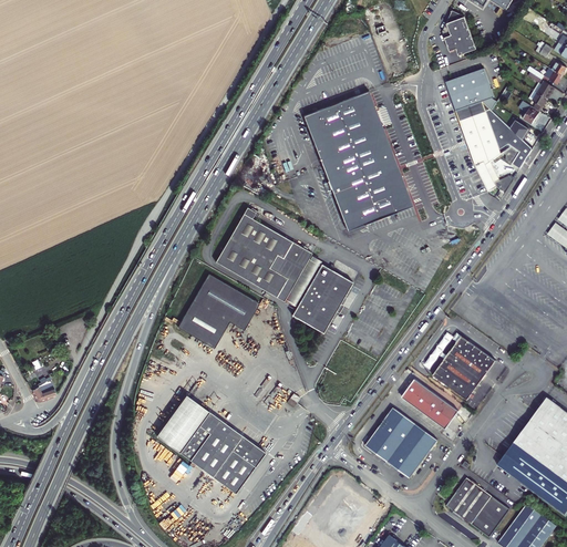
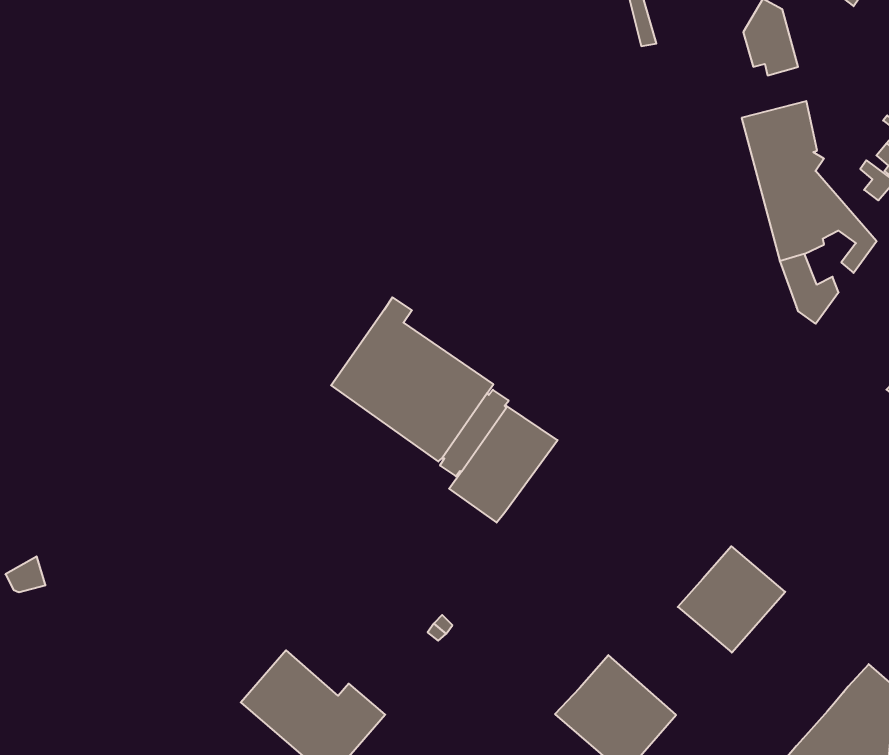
building: [303,91,413,229] -> none
building: [178,272,259,347] -> none
building: [401,378,463,427] -> none
building: [156,396,241,453] -> none

